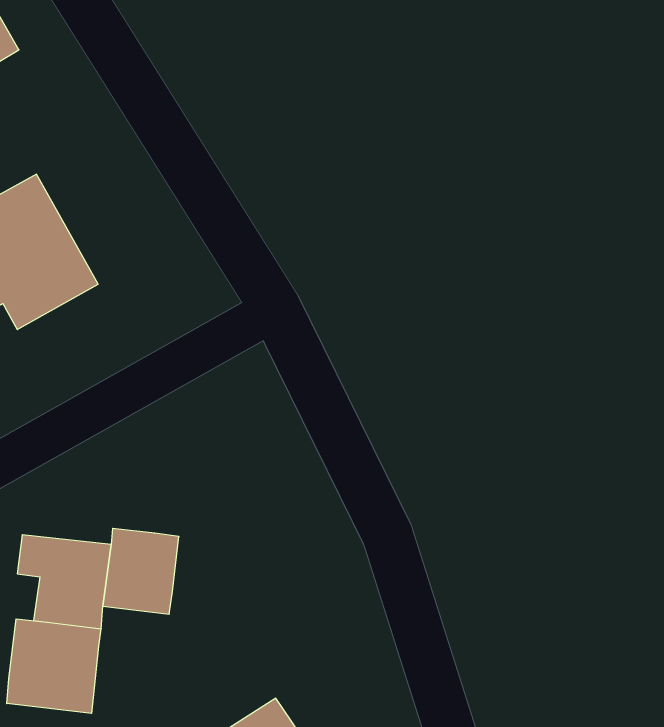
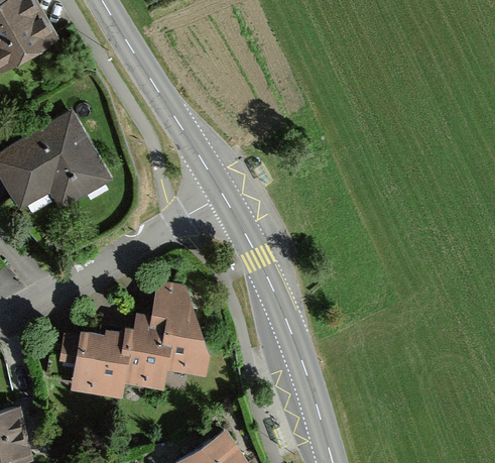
building: none -> [146,286,203,378]
building: [7,619,101,713] -> none

